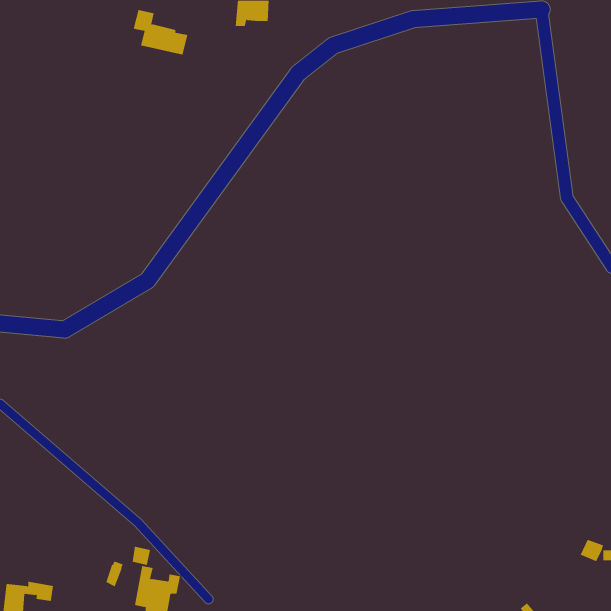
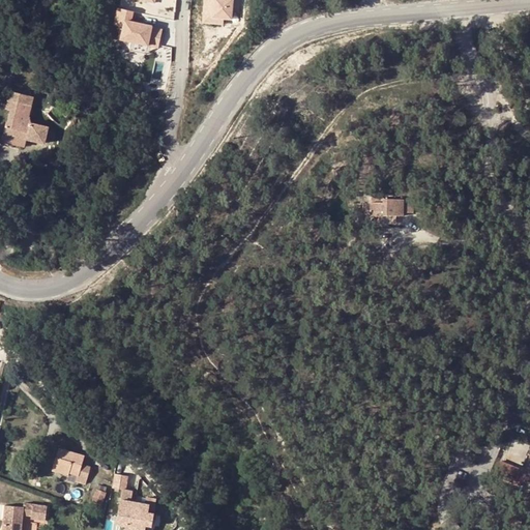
building: none -> [5,93,48,143]
building: none -> [376,201,399,218]
building: none -> [54,449,90,483]

